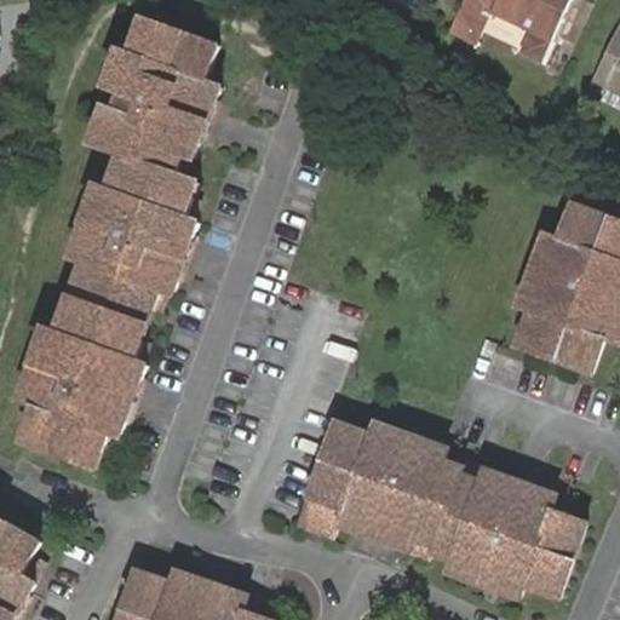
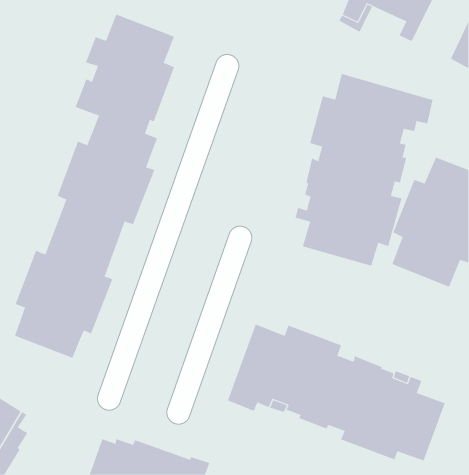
building: none -> [295,73,433,267]

